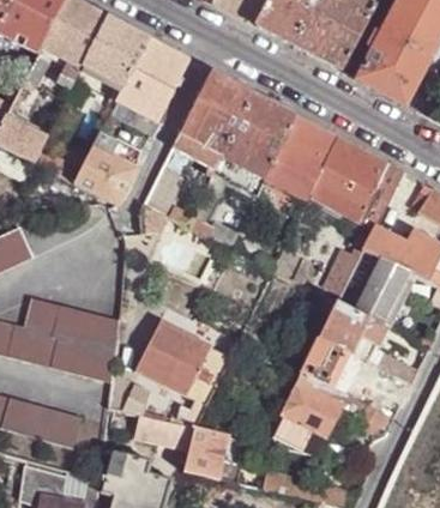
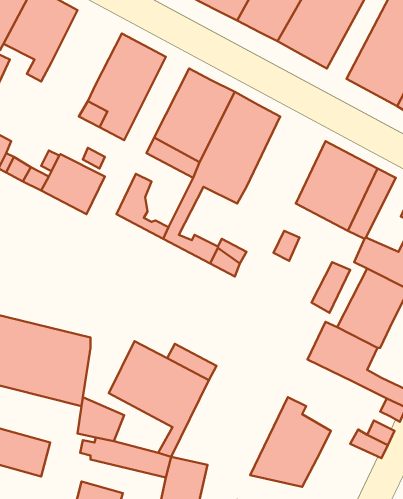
building: [84,16,149,84] -> none
building: [264,114,337,201] -> none
building: [302,338,362,392] -> none

